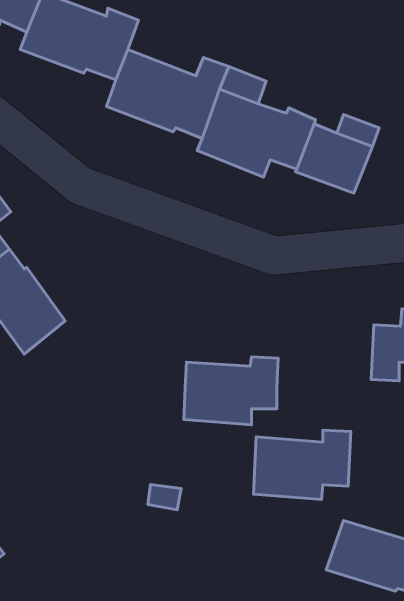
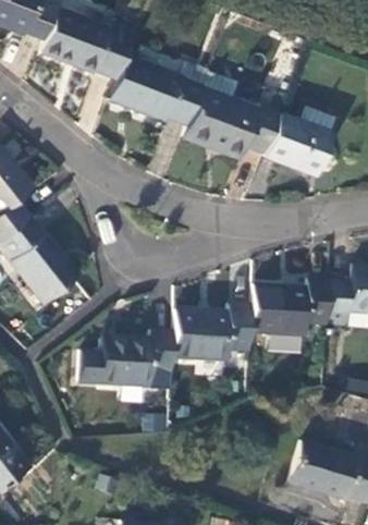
building: none -> [99,332,175,387]
building: [254,430,351,500] -> [250,280,330,337]

